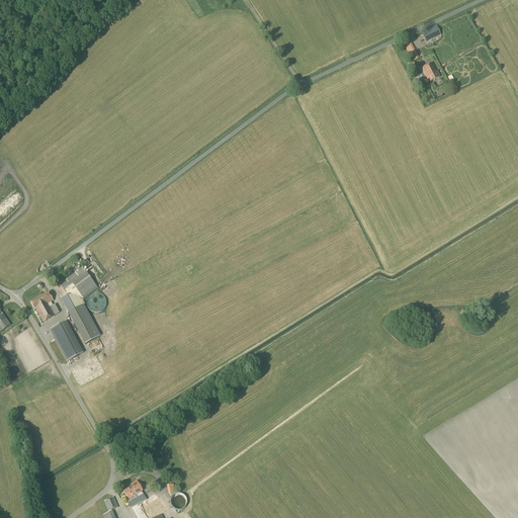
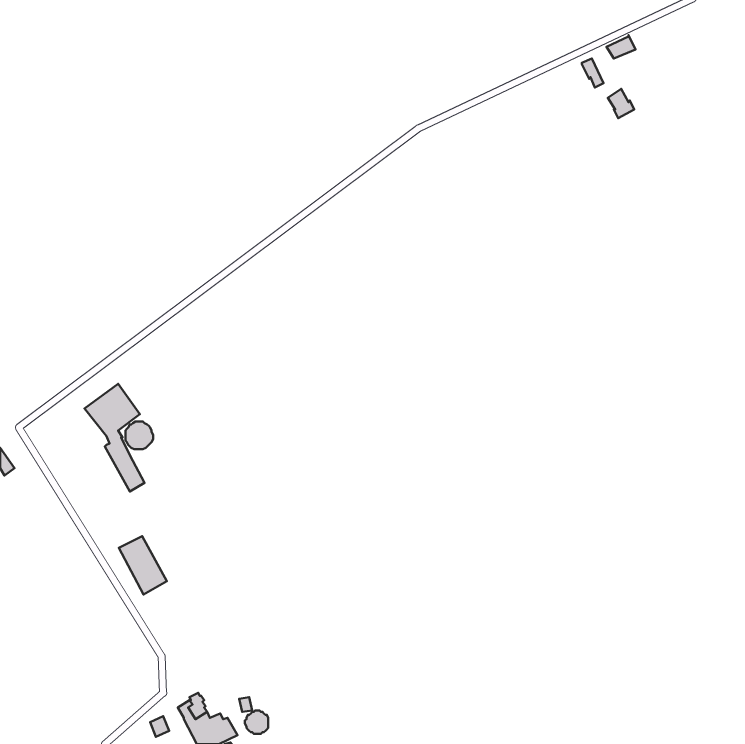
building: [30,291,55,321] -> none
building: [50,321,83,361] -> [119,536,167,594]

